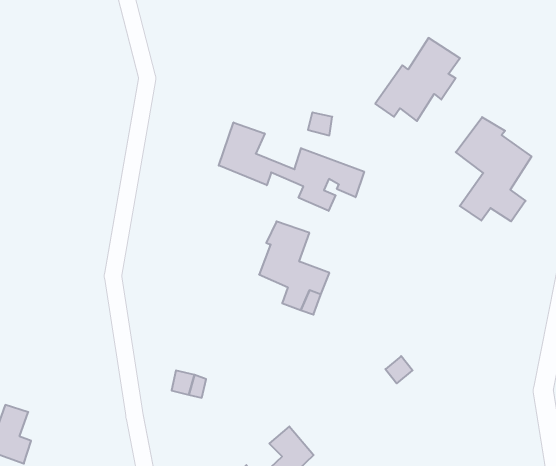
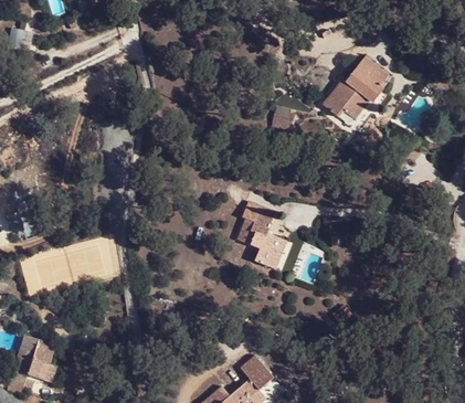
building: [456,117,531,221] -> none
building: [219,122,364,211] -> none

